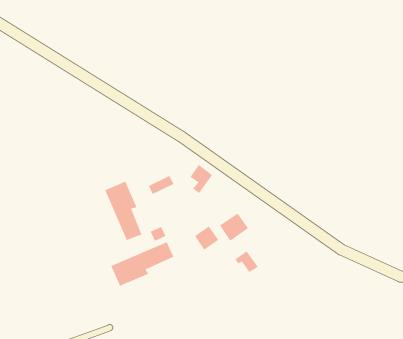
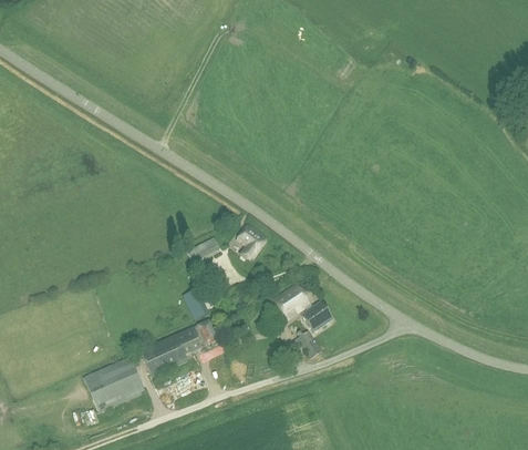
building: [104,181,142,241] -> none
building: [194,225,219,251] -> [301,301,332,333]
building: none -> [83,356,145,411]

